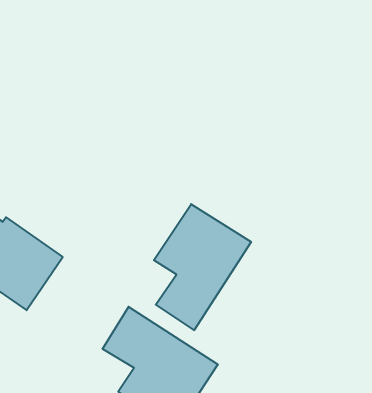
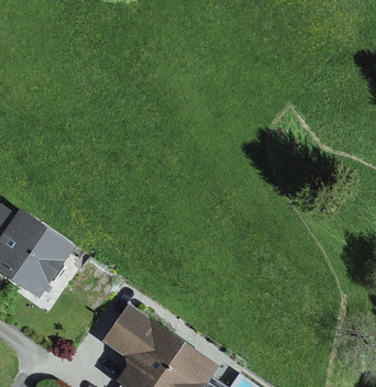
building: [154,204,251,330] -> none

